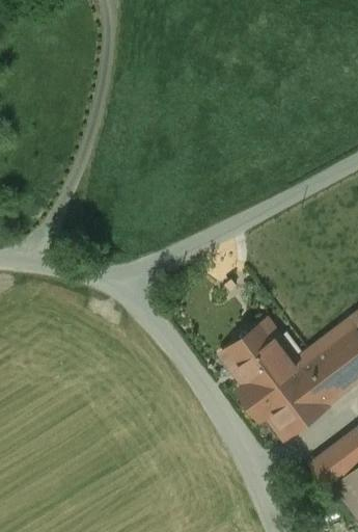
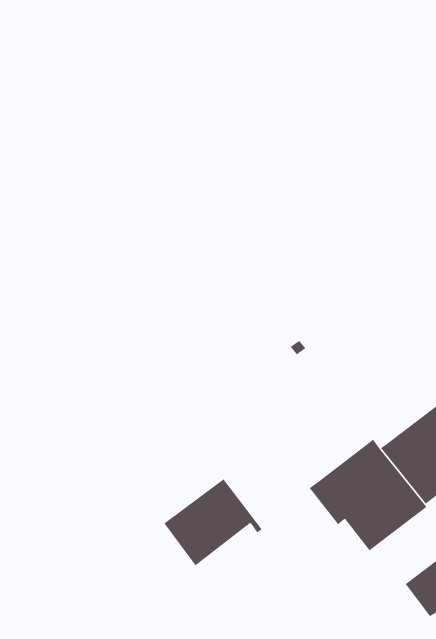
building: [221,320,296,387] -> [164,478,262,566]

